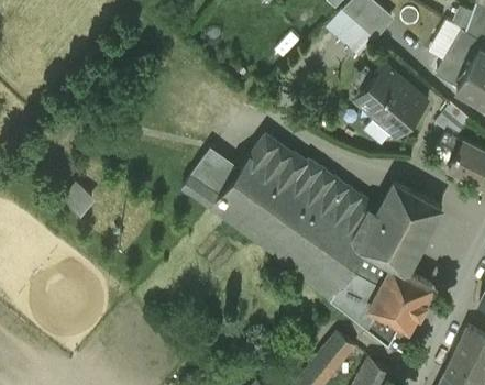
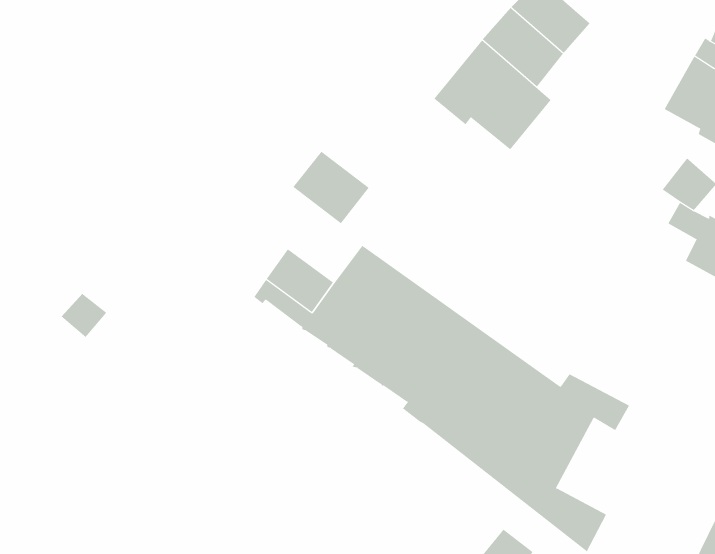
building: [355,62,428,130] -> [434,39,551,150]
building: none -> [293,151,370,224]
building: [252,138,441,254] -> none
building: [371,262,432,326] -> none

